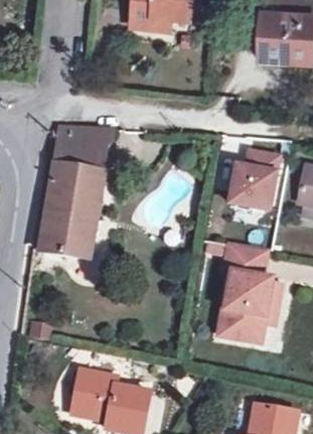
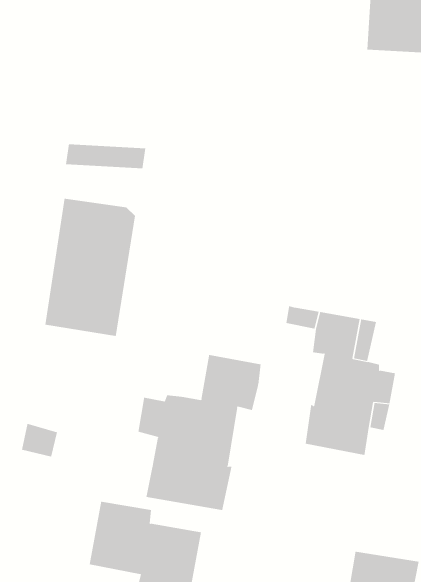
building: [53,142,108,177] -> none
building: [220,149,274,213] -> none
building: none -> [138,354,261,511]

